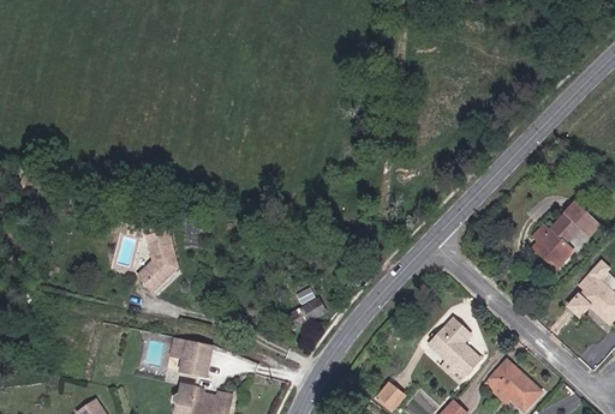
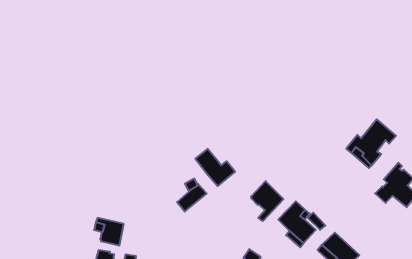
building: [142,234,180,295] -> none
building: none -> [195,149,235,186]
building: none -> [251,181,283,221]

